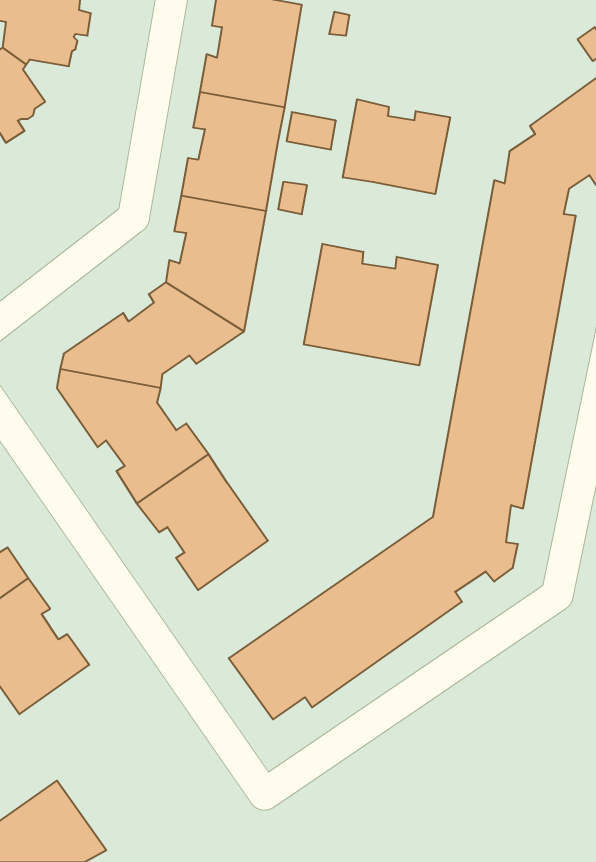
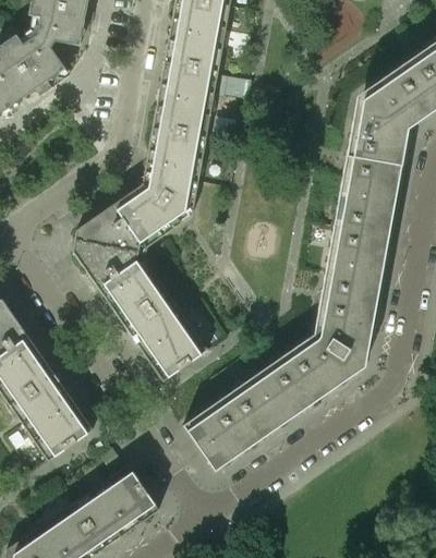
building: [343,99,450,194] -> none
building: [304,244,438,365] -> none
building: none -> [73,465,159,548]

